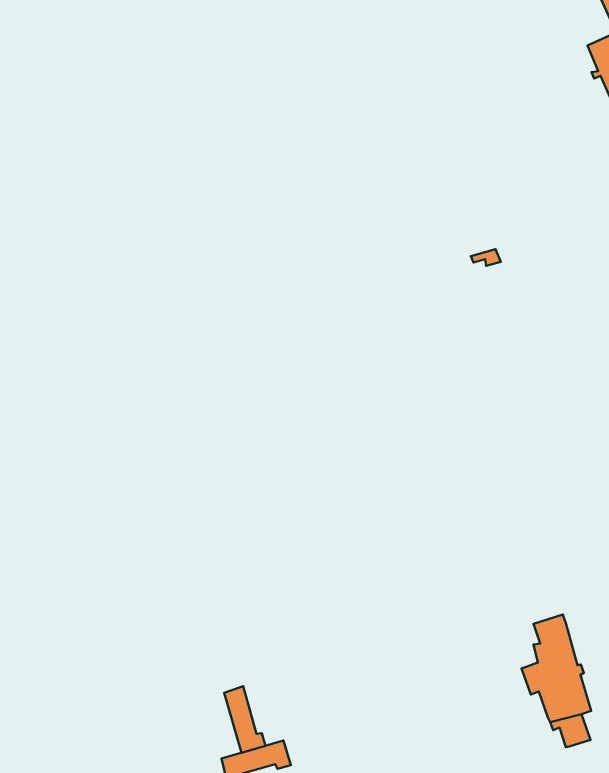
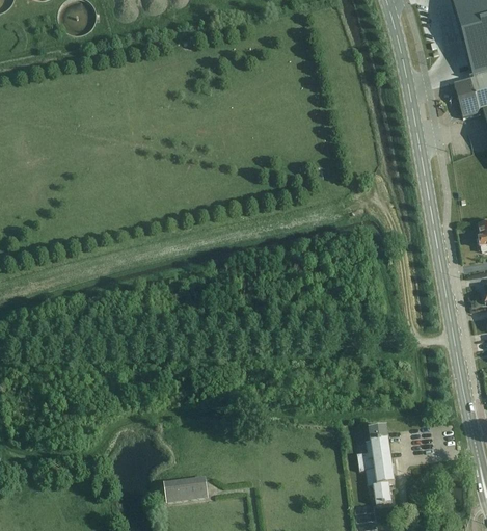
building: [224,686,266,753] -> none

